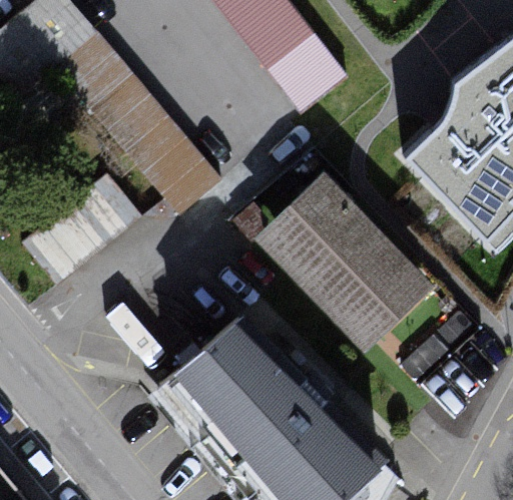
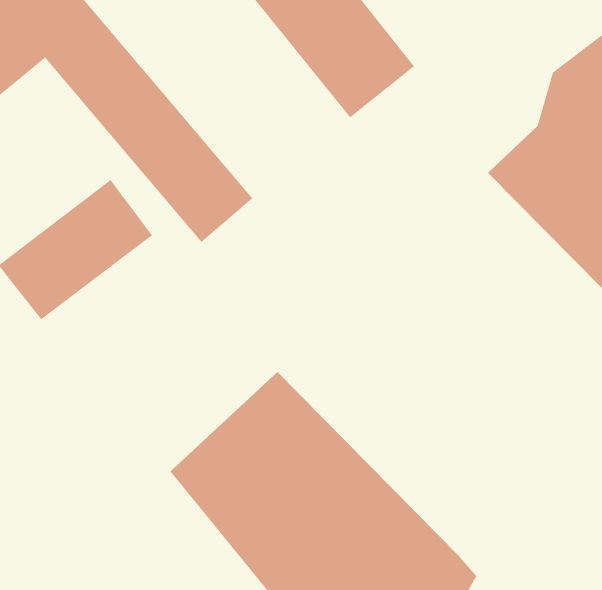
building: [258,178,441,363] -> none

